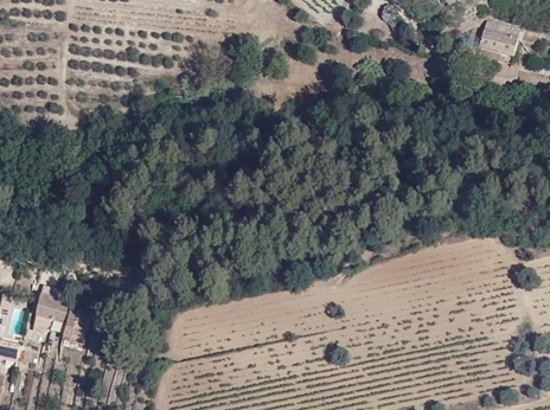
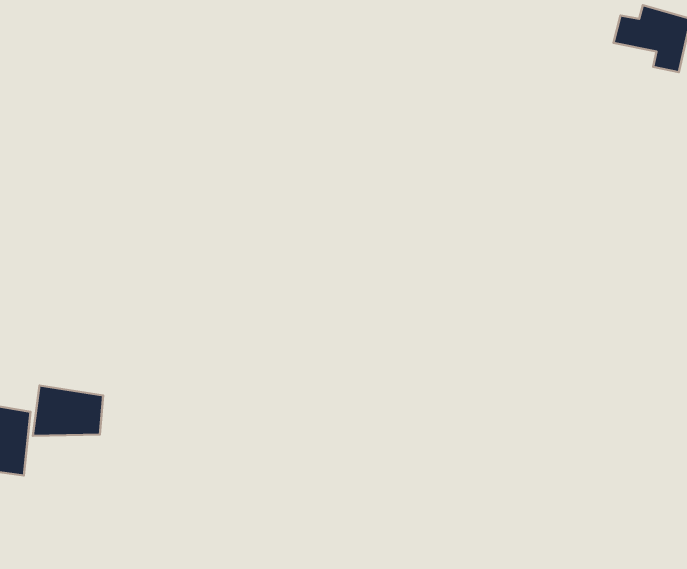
building: none -> [33,385,103,436]

